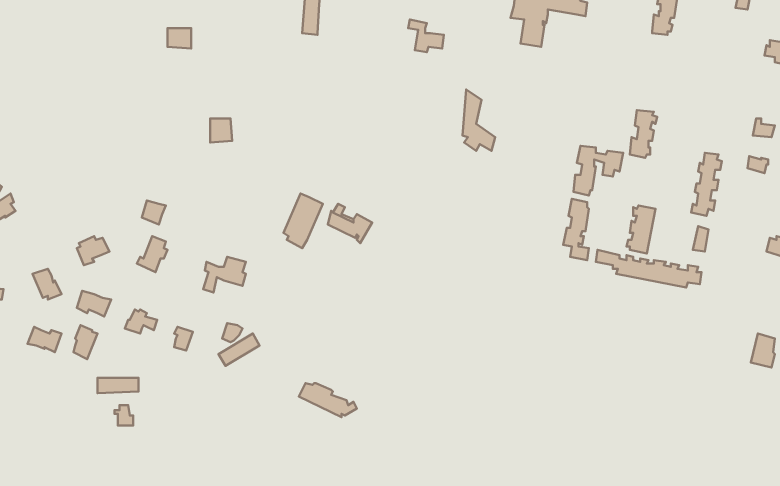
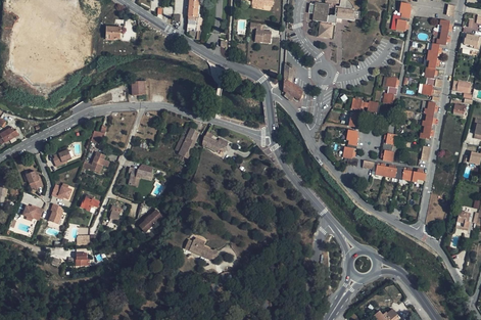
building: none -> [421,19,452,95]

